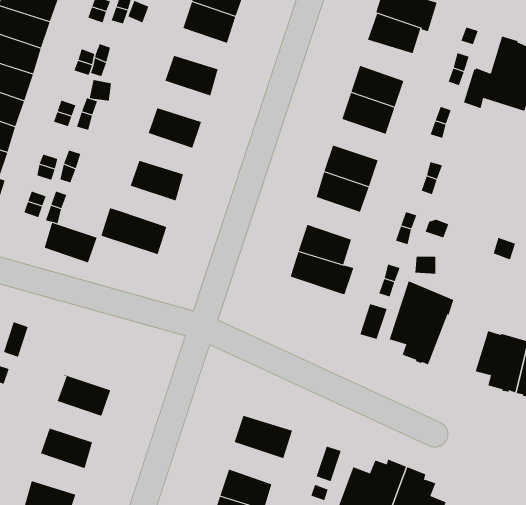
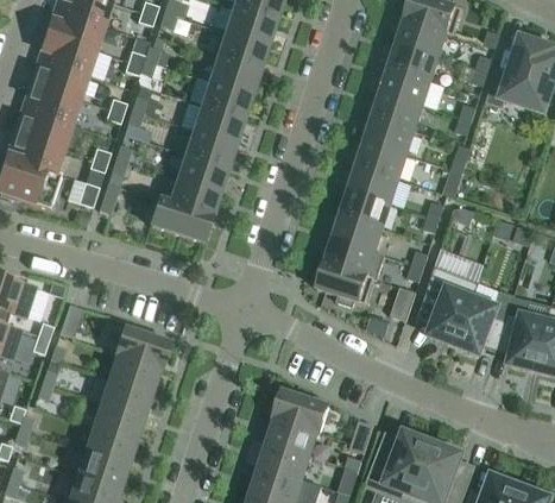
building: none -> [217,32,267,70]
building: none -> [390,43,440,81]
building: none -> [202,81,252,119]
building: none -> [365,117,415,155]
building: none -> [185,130,235,168]
building: none -> [341,189,391,228]
building: [44,222,98,263] -> [170,178,220,216]
building: none -> [316,262,374,307]
building: none -> [454,291,515,354]
building: none -> [115,328,170,369]
building: none -> [102,378,151,416]
building: none -> [269,416,320,455]
building: none -> [86,427,135,465]

